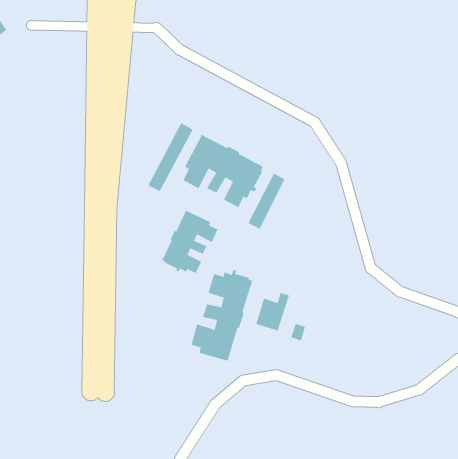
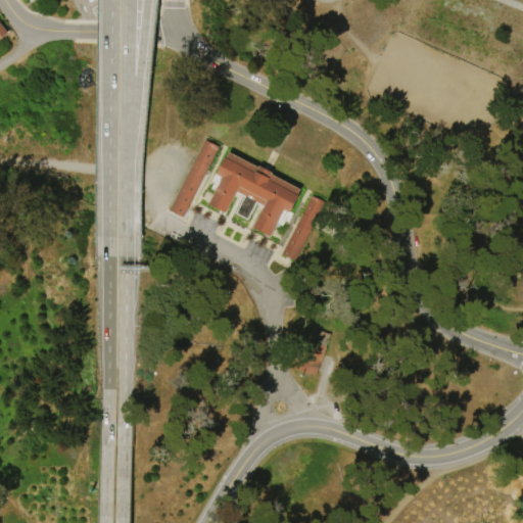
building: [162,210,218,274] -> none
building: [191,269,253,362] -> none

